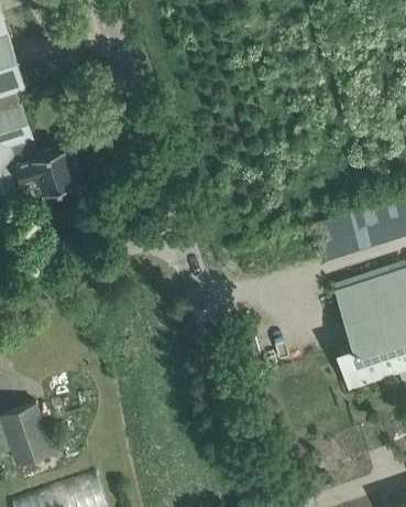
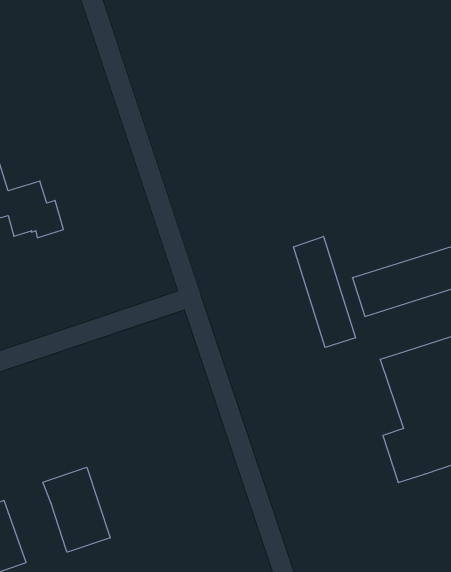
building: none -> [294,236,355,347]
building: none -> [43,467,110,552]

